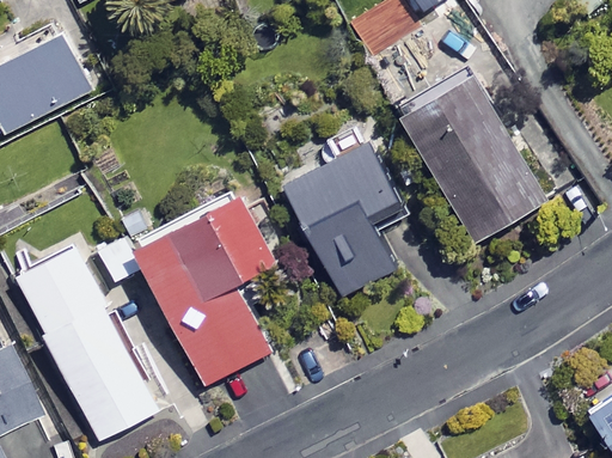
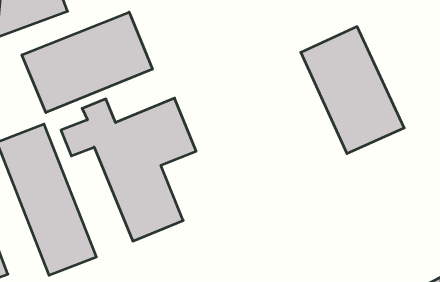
building: none -> [22,12,152,113]
building: [282,140,399,297] -> none

